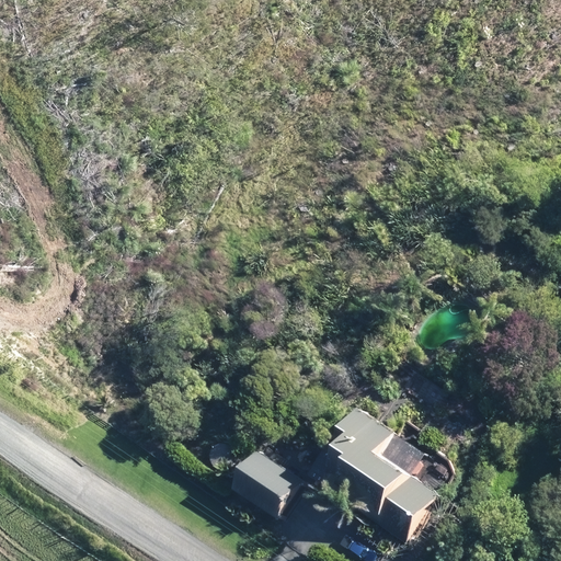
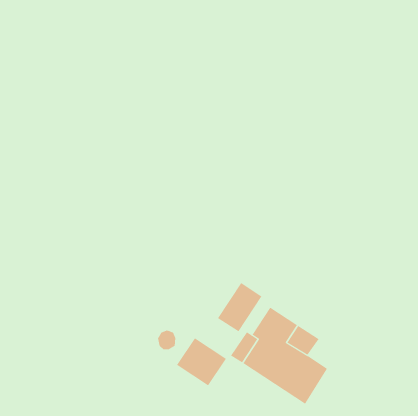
building: none -> [217,282,262,332]

